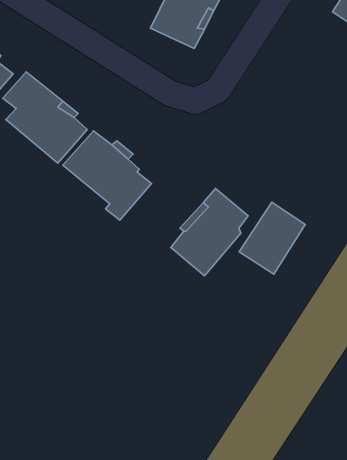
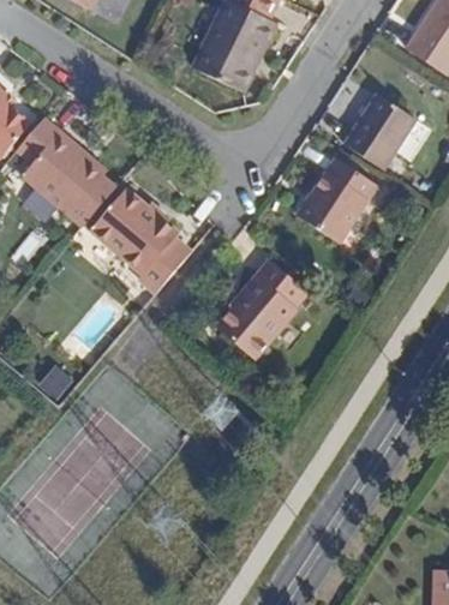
building: none -> [345,95,414,169]
building: [239,202,305,274] -> [298,157,376,242]

